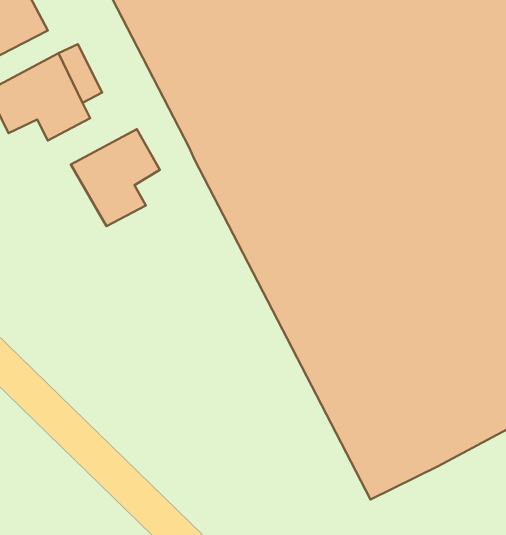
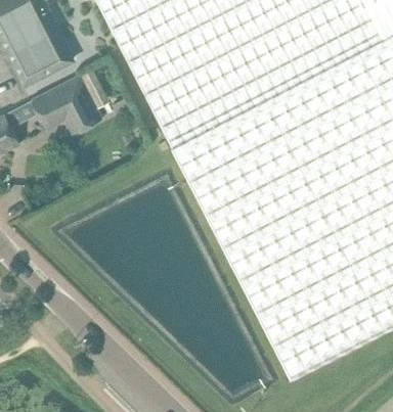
building: [71,129,160,226] -> none

